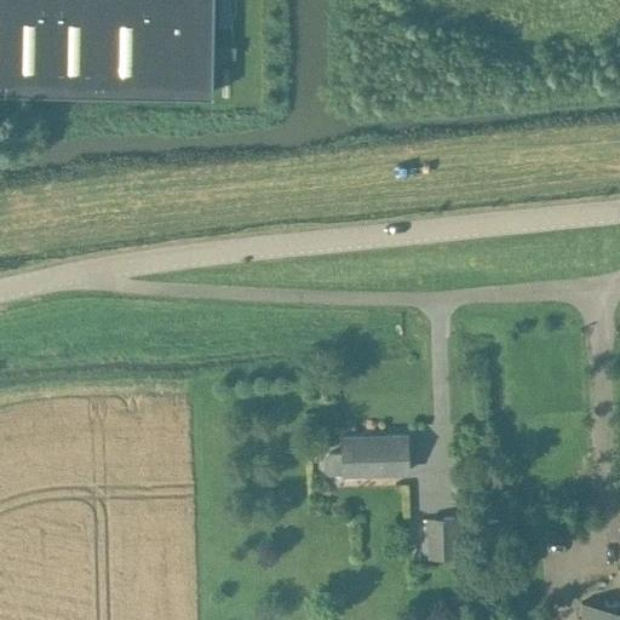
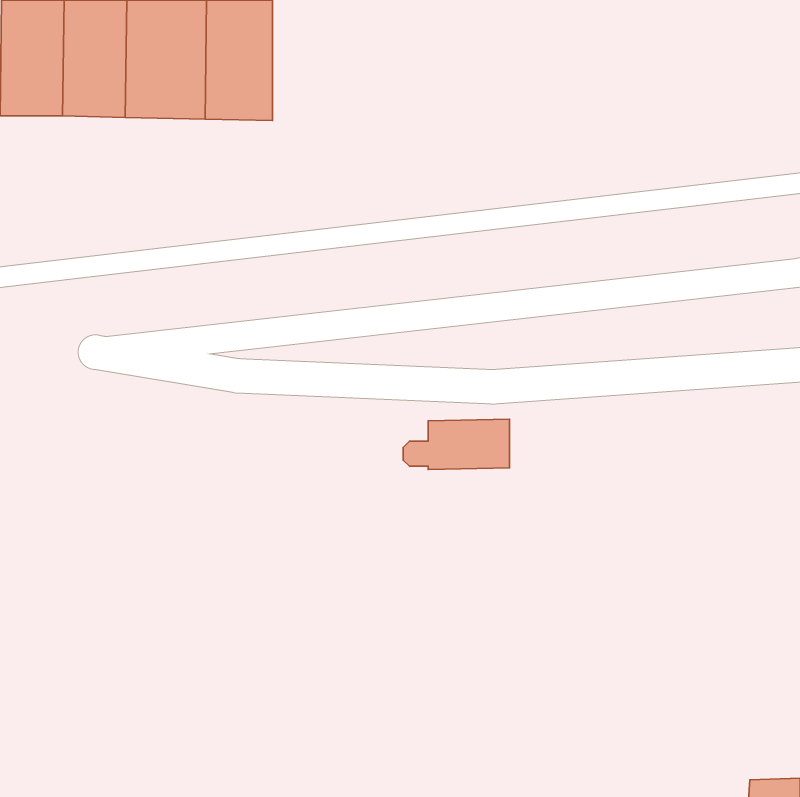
building: [322,435,404,473] -> [403,419,510,469]
building: [426,519,459,559] -> none

